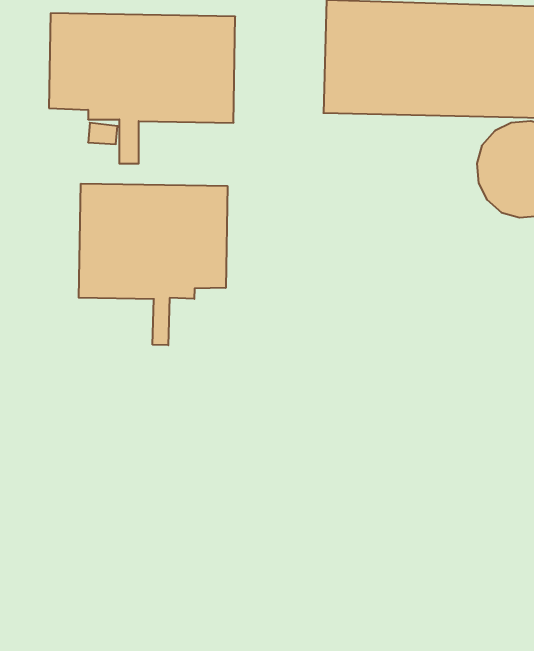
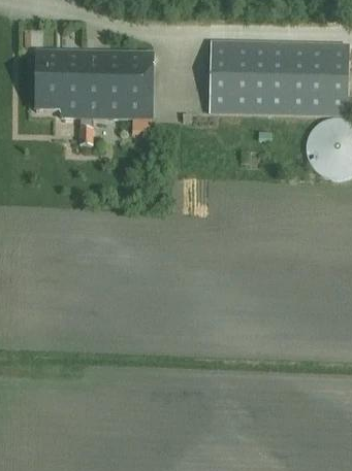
building: [79,184,227,345] -> none

